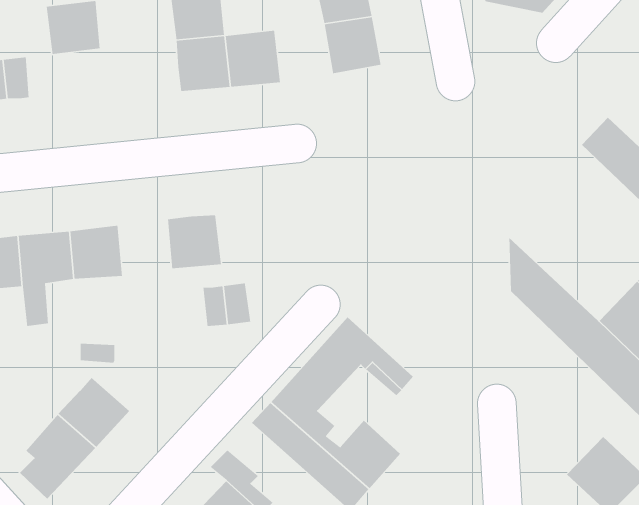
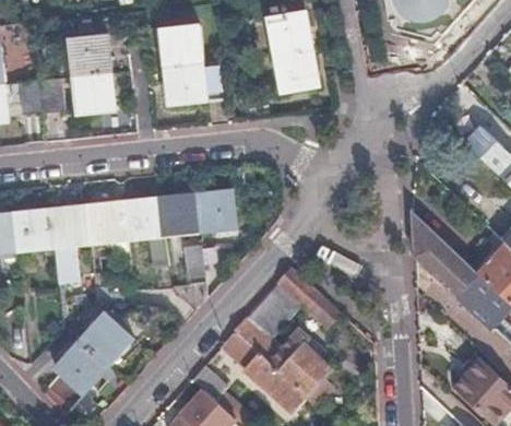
building: none -> [73,71,112,114]
building: none -> [194,189,235,230]
building: none -> [122,197,164,265]

